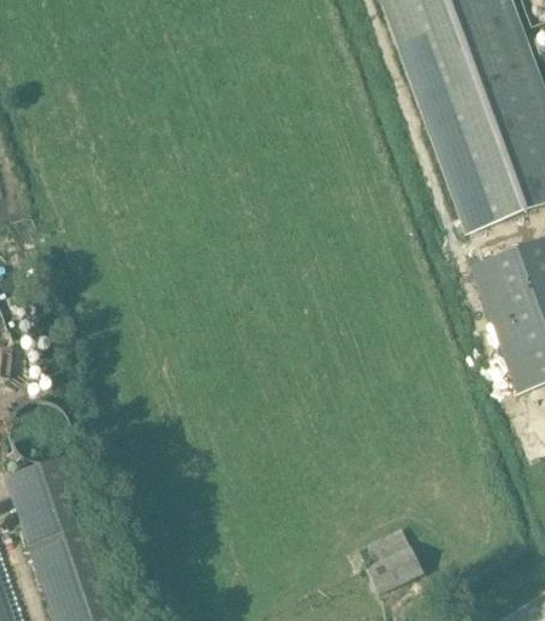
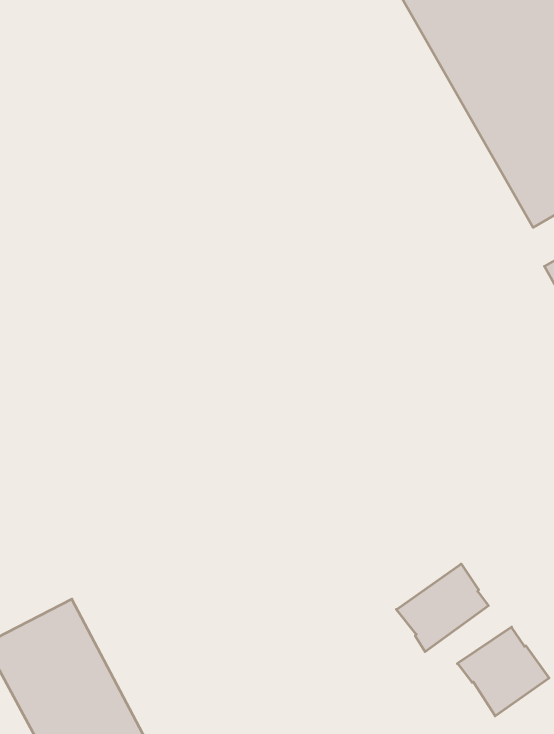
building: none -> [396,564,488,652]

